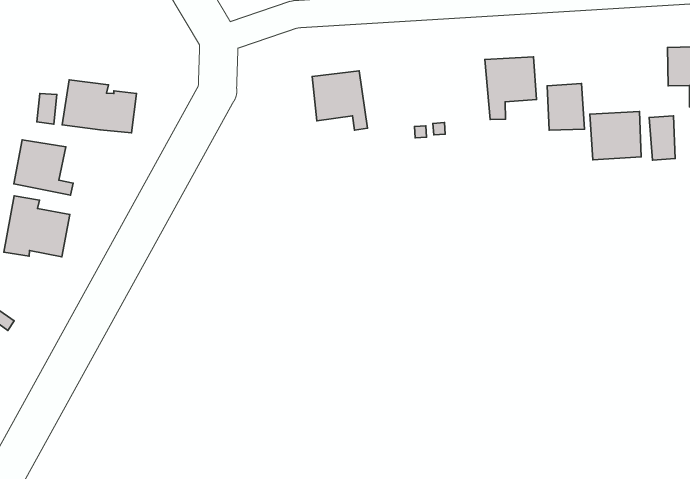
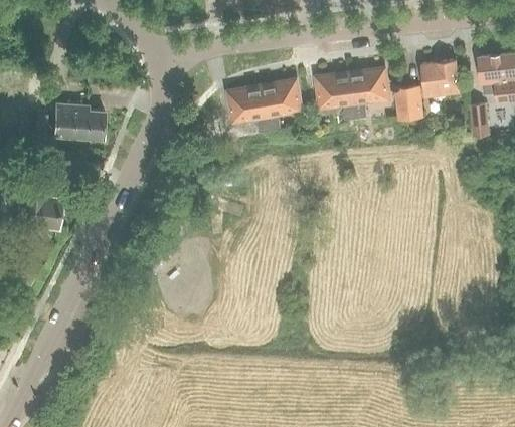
building: none -> [317,72,356,116]
building: none -> [262,79,301,126]
building: [590,111,641,160] -> [421,59,460,95]
building: [14,140,73,195] -> none

